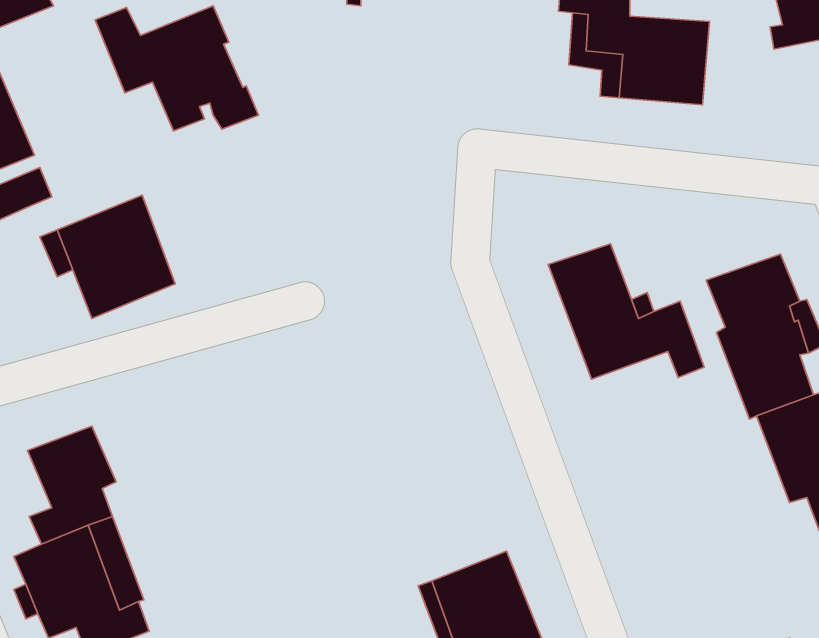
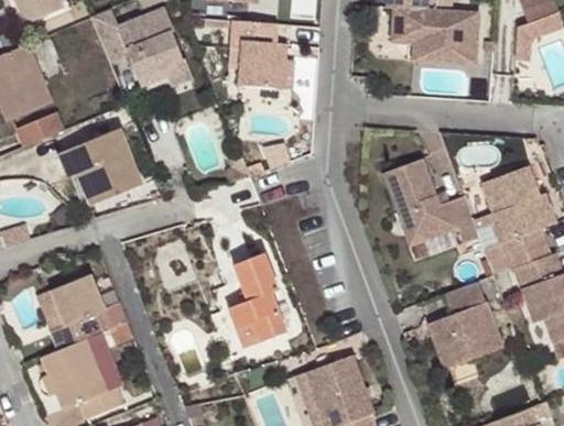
building: none -> [234,23,289,91]
building: none -> [227,253,286,348]
building: none -> [425,281,502,369]

